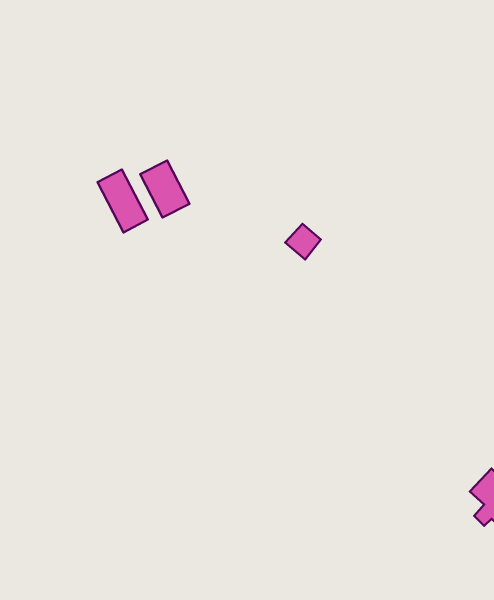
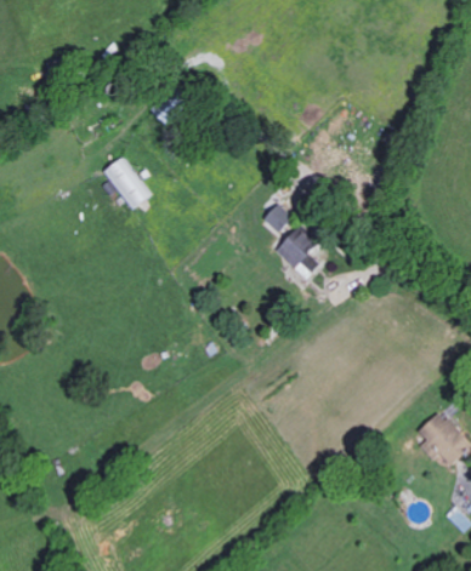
building: [140,161,190,218] -> none
building: none -> [276,224,320,279]

